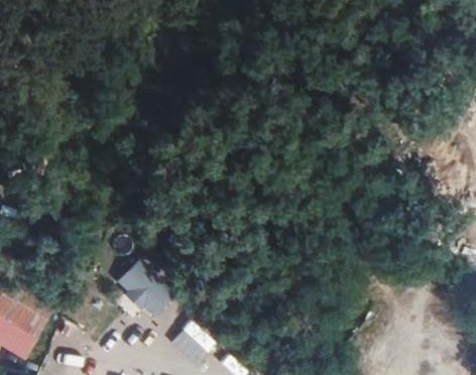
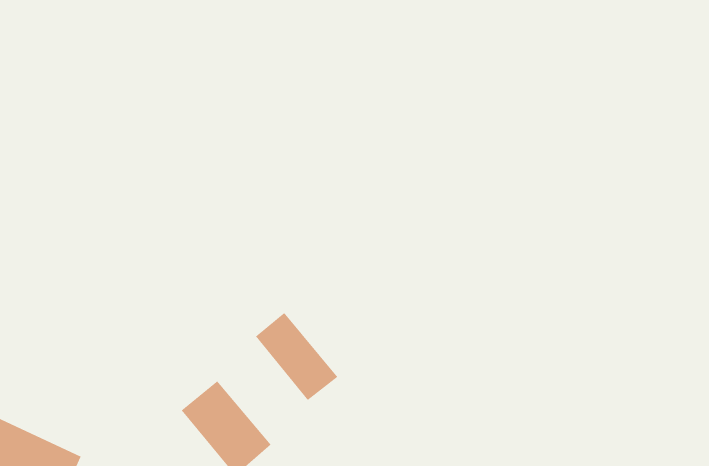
building: none -> [255,312,338,401]

